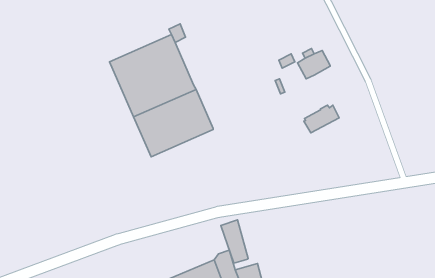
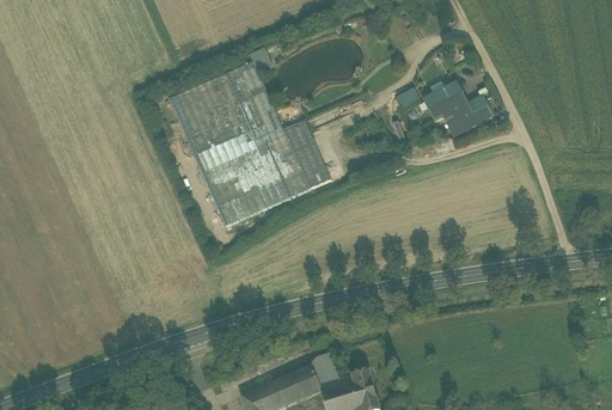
building: none -> [283,121,331,189]
building: [304,105,339,133] -> [445,99,492,136]
building: [221,220,248,263] -> none

